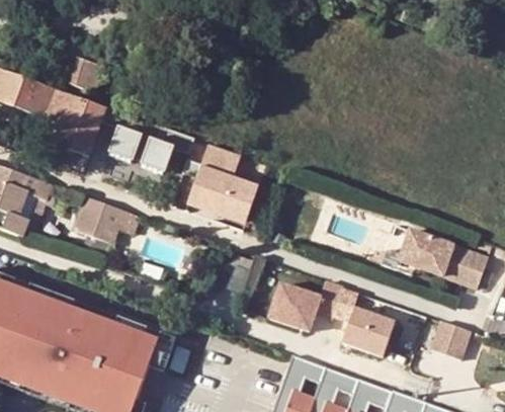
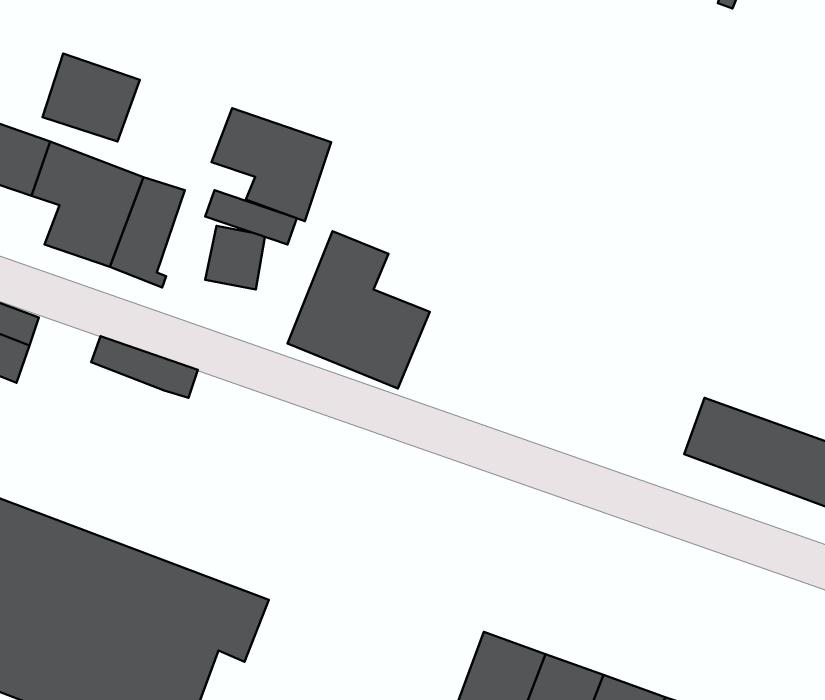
building: none -> [212,108,331,221]
building: [71,211,117,244] -> none
building: [265,277,348,330] -> none
building: [339,302,394,353] -> none
building: [427,320,468,359] -> none

